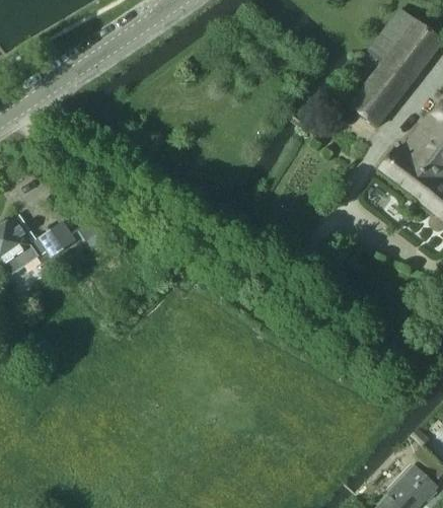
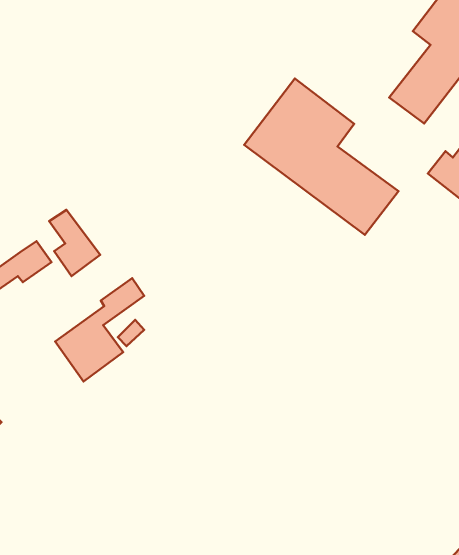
building: none -> [244,79,399,235]
building: none -> [55,278,144,382]

